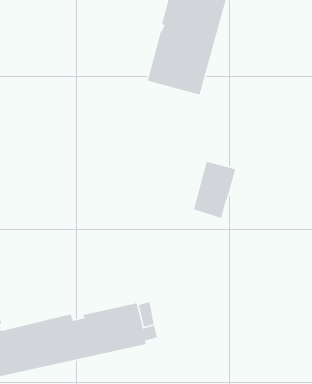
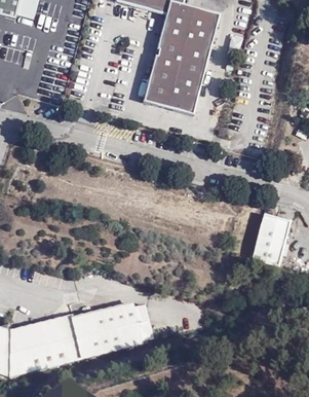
building: [193,161,236,219] -> [249,212,289,265]

